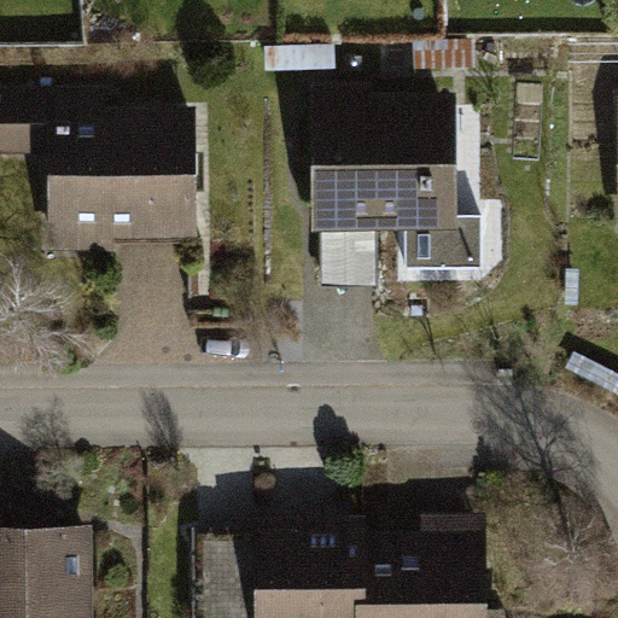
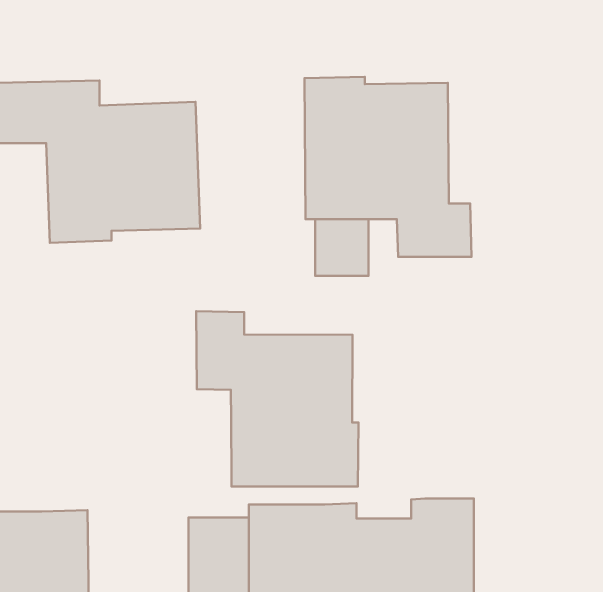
building: none -> [196,311,358,486]

